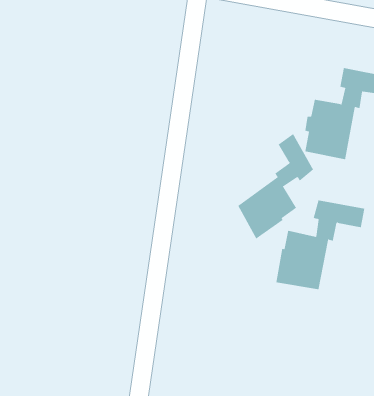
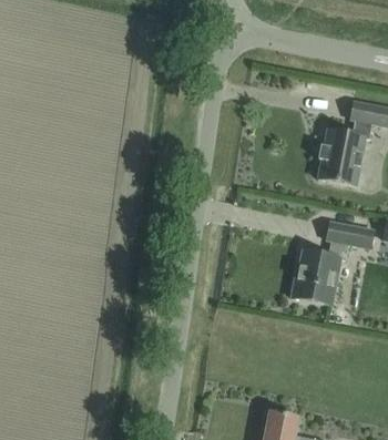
building: [237,133,314,240] -> none

